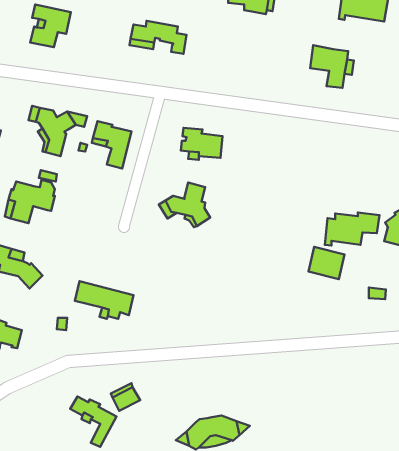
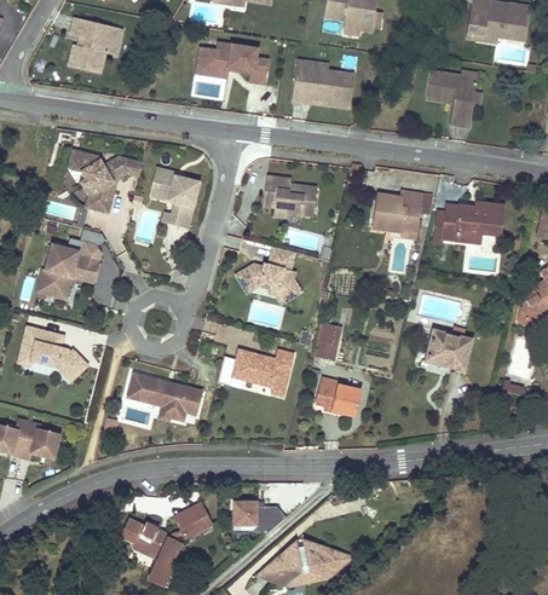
building: none -> [294,58,356,106]
building: none -> [373,190,429,229]
building: [325,212,380,246] -> [433,201,503,243]
building: none -> [313,322,341,358]
building: none -> [231,350,293,395]
building: none -> [318,376,358,412]
building: none -> [233,502,287,535]

